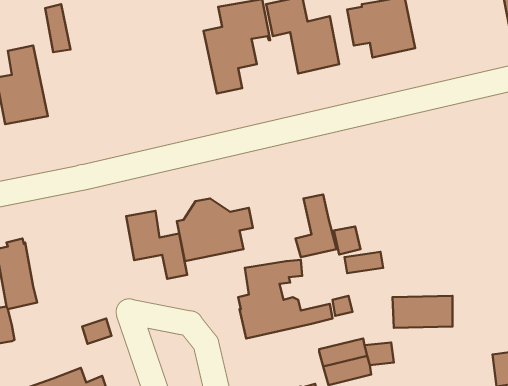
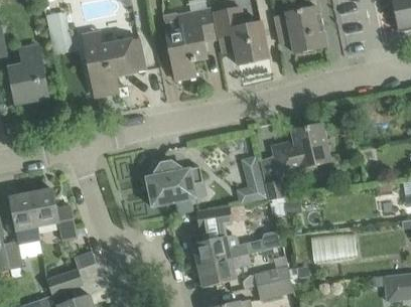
building: none -> [83,29,146,96]
building: none -> [274,123,330,175]
building: [126,211,187,279] -> [31,188,78,240]
building: none -> [198,254,252,287]
building: none -> [47,269,84,295]

